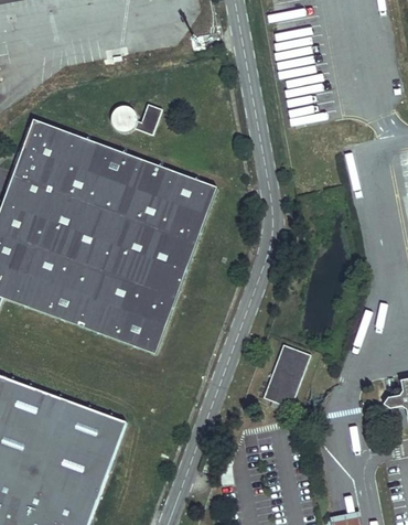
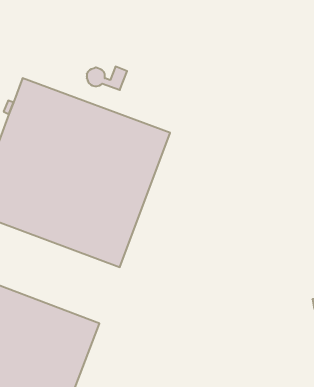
building: [267,340,316,405] -> none

